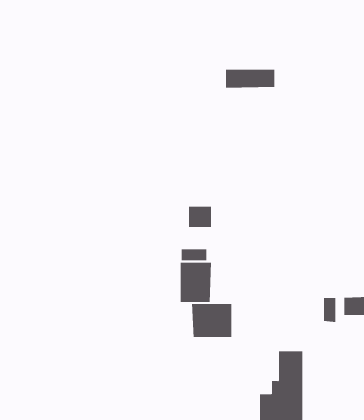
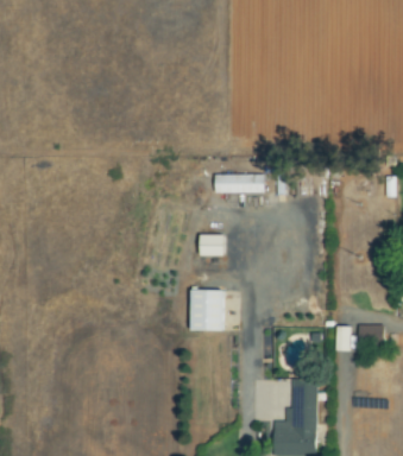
building: [225,69,275,88] -> [214,175,264,194]
building: [192,303,232,338] -> none

